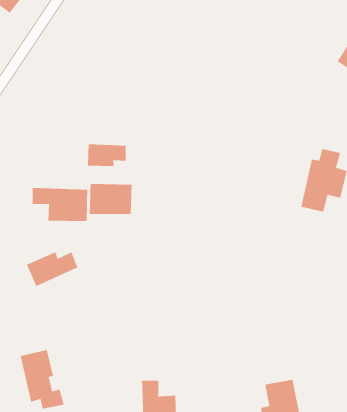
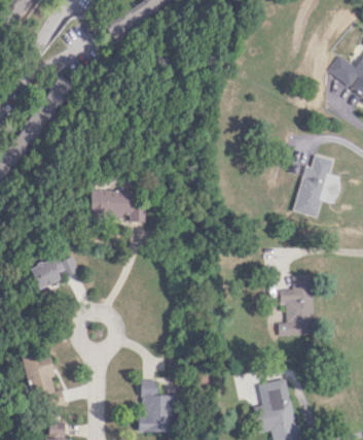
building: [88,143,126,167] -> none
building: [32,187,88,222] -> none
building: none -> [279,275,314,336]

